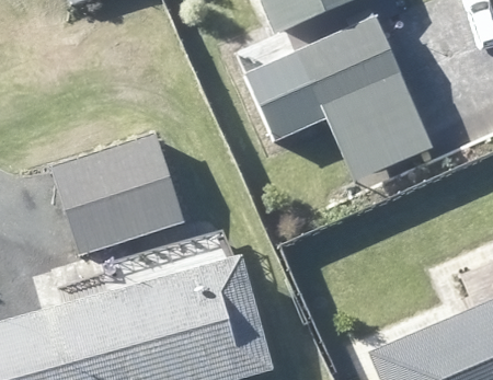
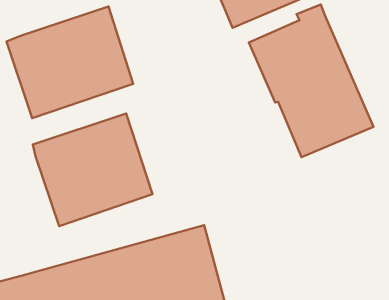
building: none -> [6,7,133,118]

